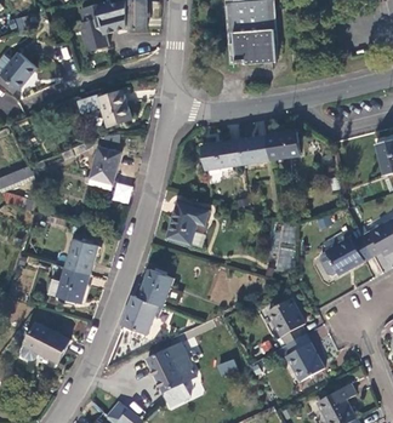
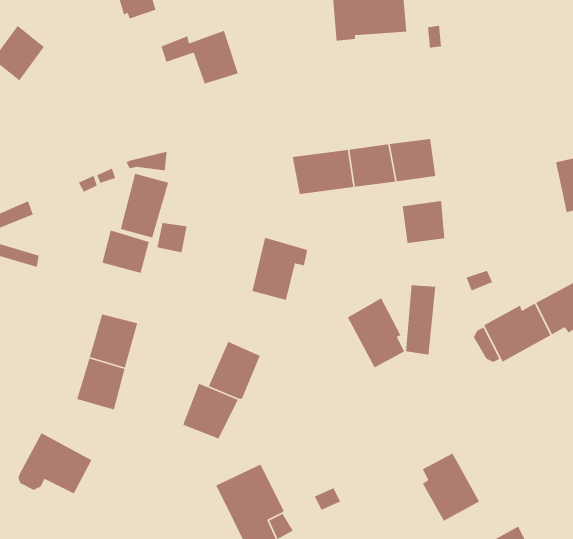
building: [76,85,129,121] -> [160,30,239,85]
building: none -> [402,200,445,244]
building: none -> [102,229,150,274]
building: [267,299,306,347] -> [347,297,405,368]

